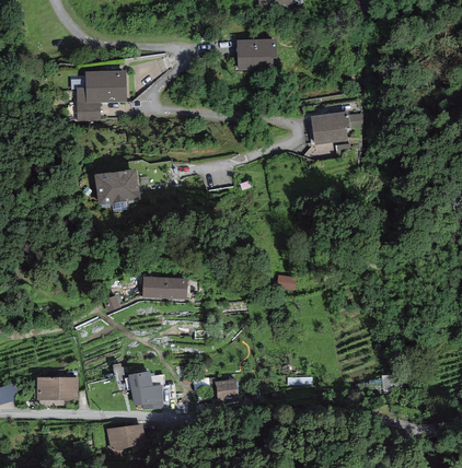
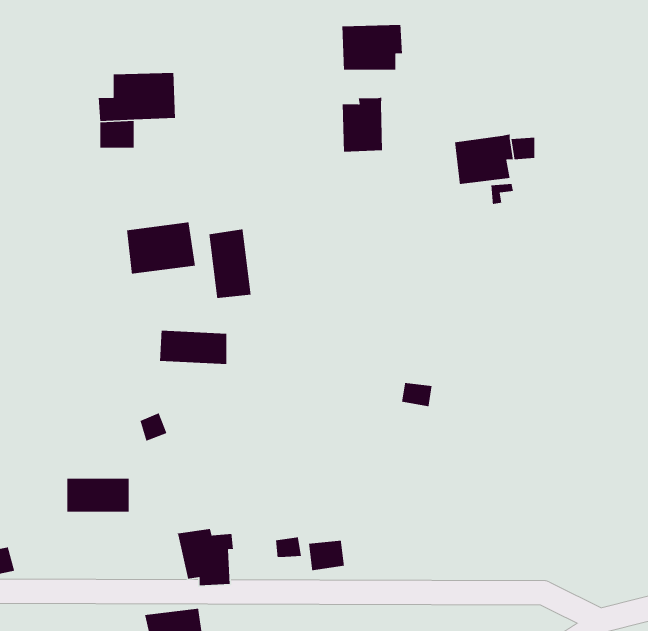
building: none -> [342,97,383,153]
building: none -> [208,229,252,299]
building: [142,276,187,299] -> [159,330,227,365]
building: [36,377,78,400] -> [66,478,129,513]

